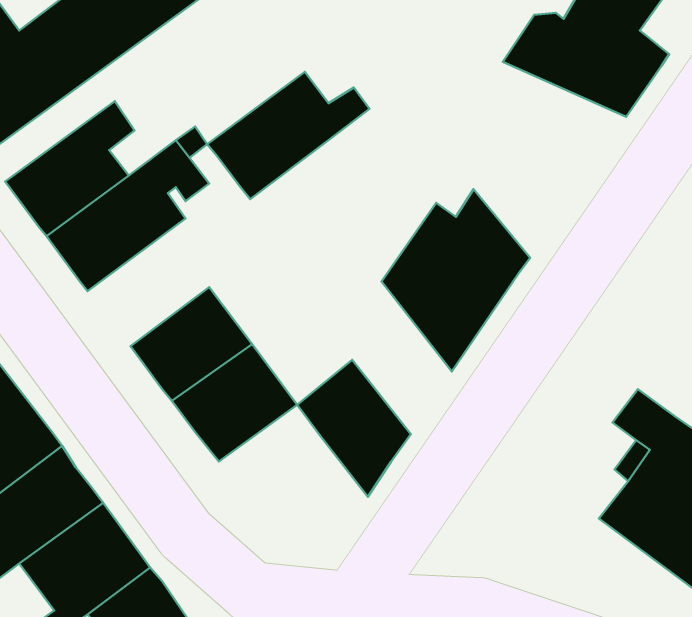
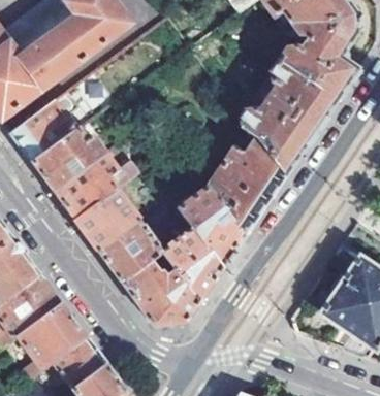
building: none -> [239,70,337,173]
building: [207,72,370,199] -> [53,153,138,220]
building: none -> [179,186,245,266]
building: none -> [122,259,200,323]

